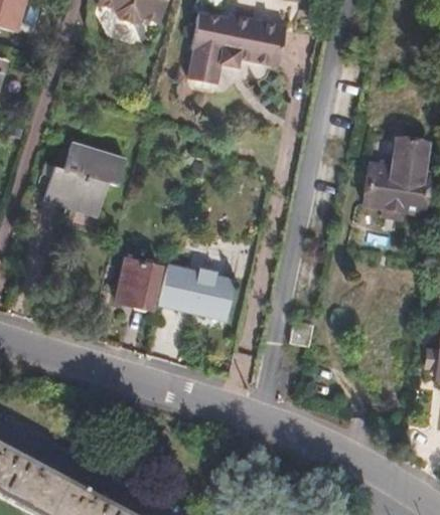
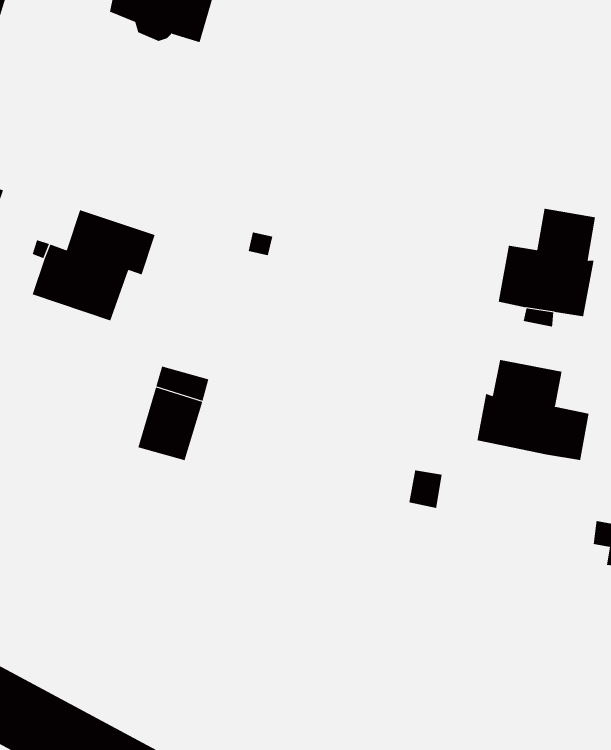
building: [188,12,285,84] -> none
building: none -> [477,359,589,461]
building: [160,266,236,322] -> none

